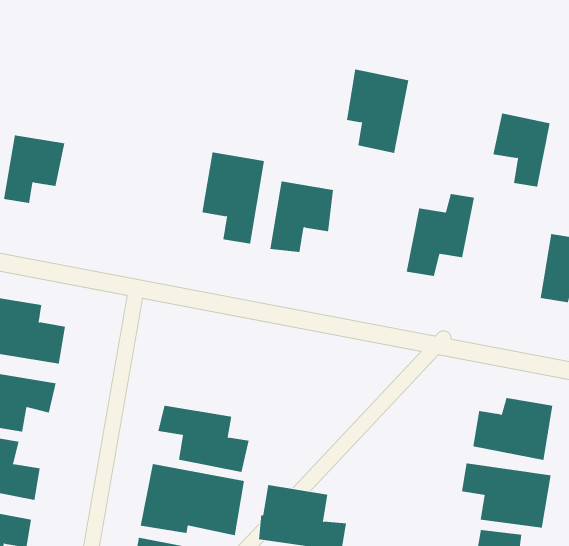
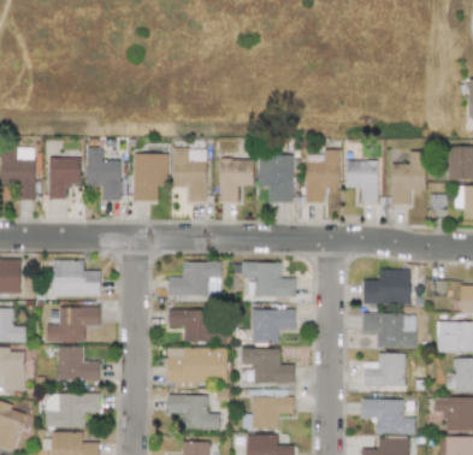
building: [346,69,409,154] -> [259,154,294,202]
building: [493,113,550,187] -> [345,160,378,202]
building: none -> [87,147,122,201]
building: none -> [134,153,168,201]
building: none -> [168,261,221,296]
building: none -> [242,261,296,296]
building: none -> [253,309,296,343]

